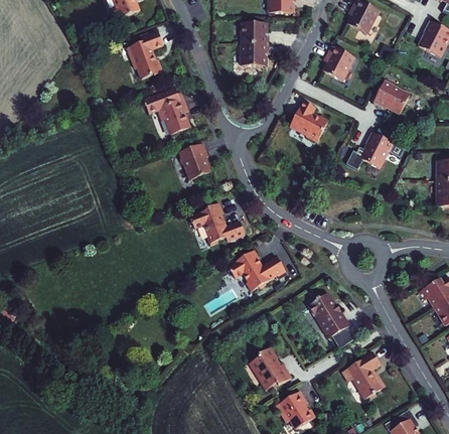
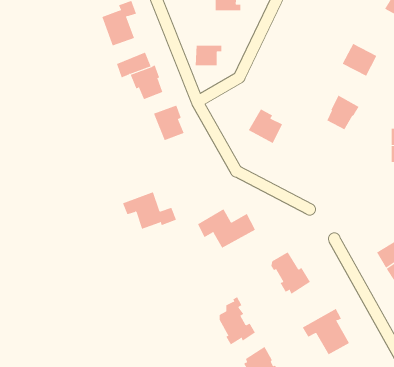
building: [321,41,357,85] -> none
building: [244,44,272,65] -> [195,45,222,66]
building: [293,110,329,146] -> [248,109,283,144]
building: [191,203,248,243] -> [122,192,177,230]

